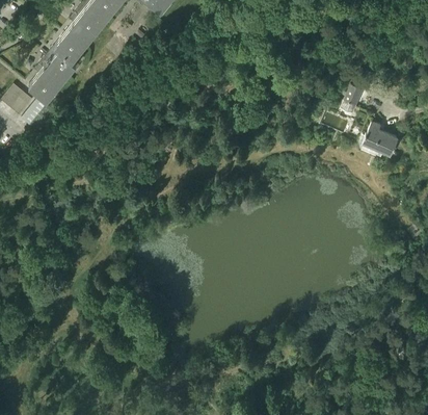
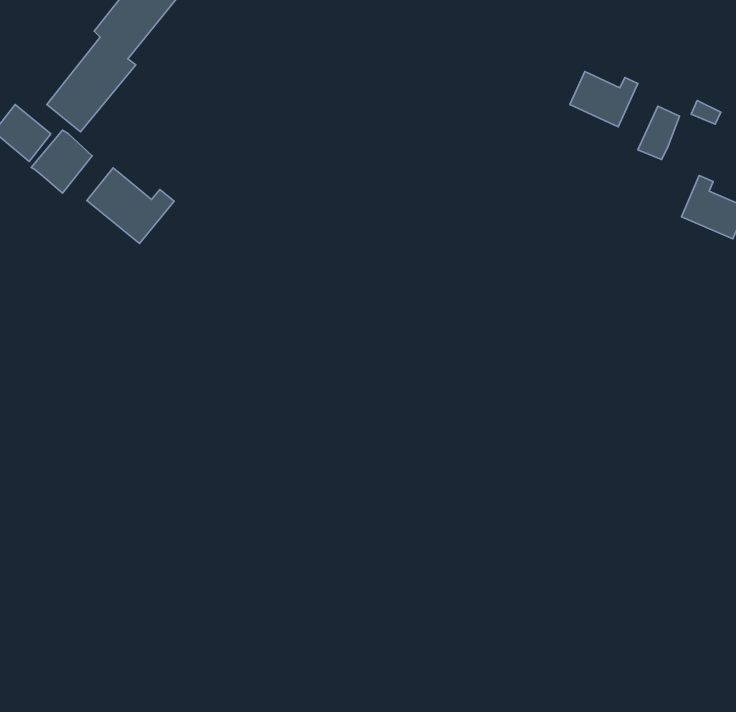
building: none -> [570,71,638,127]
building: none -> [87,168,174,244]

